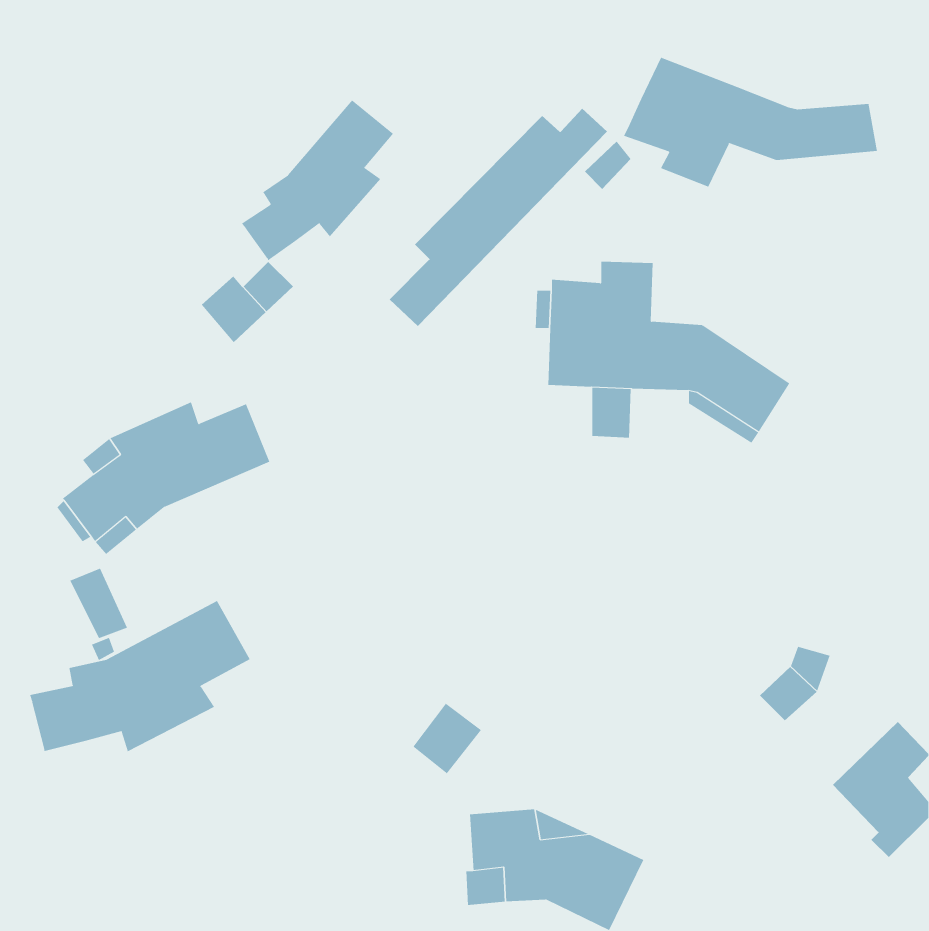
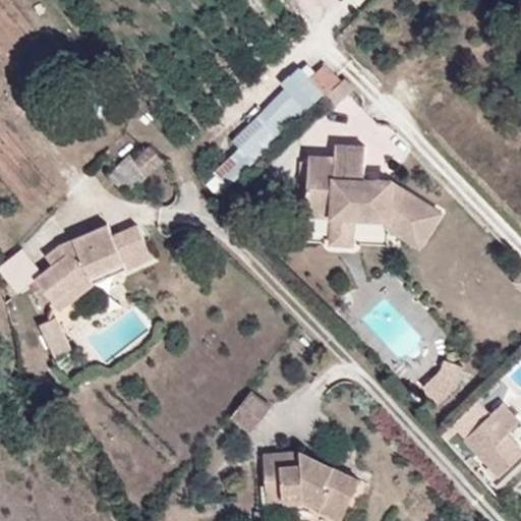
building: [623,57,878,187] -> none
building: [241,99,394,261] -> none
building: [29,600,251,752] -> none

